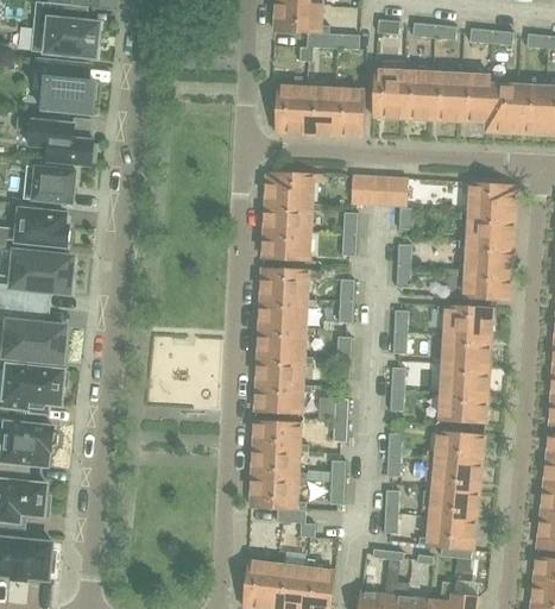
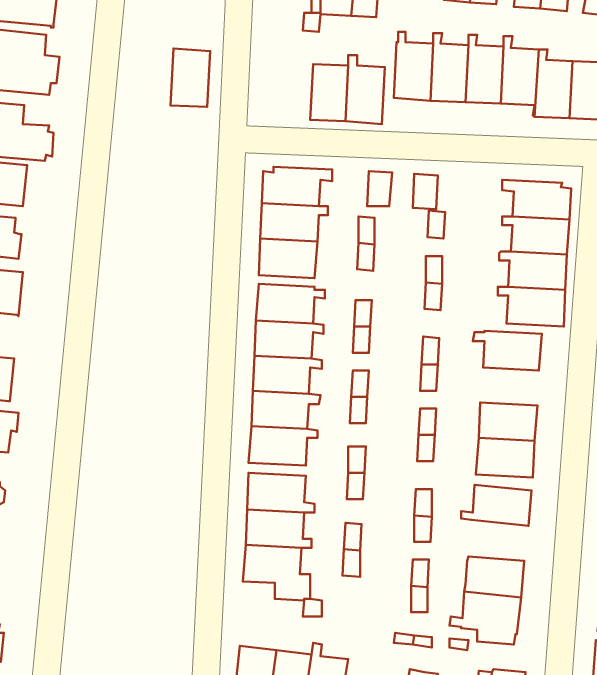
building: [275,86,307,133] -> [171,48,210,107]
building: [442,334,490,365] -> none
building: [433,458,481,491] -> none

